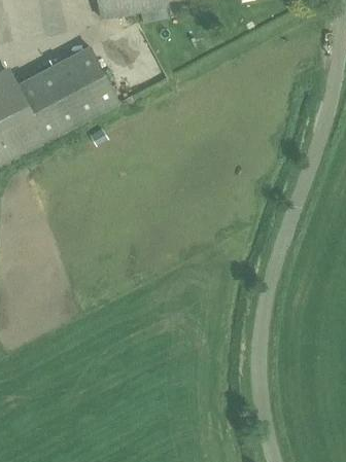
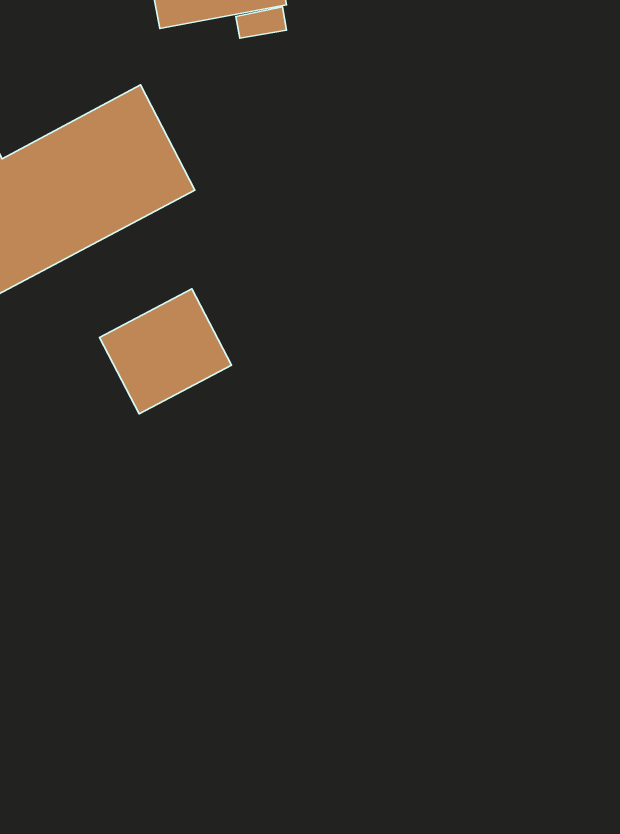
building: none -> [99,289,232,414]

